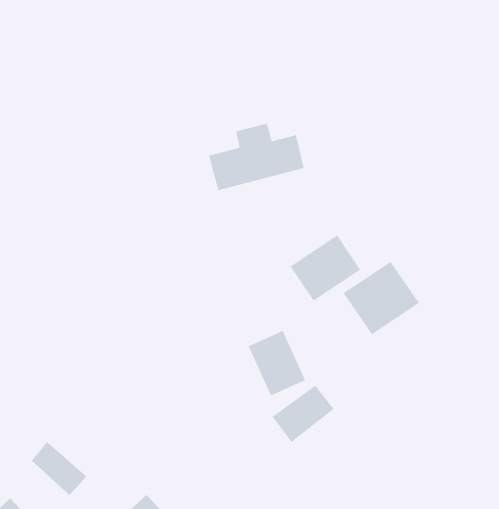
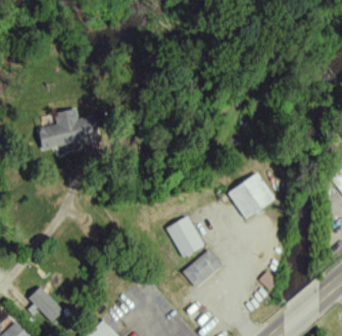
building: [208,123,305,191] -> [37,107,98,150]
building: [290,234,361,302] -> none

